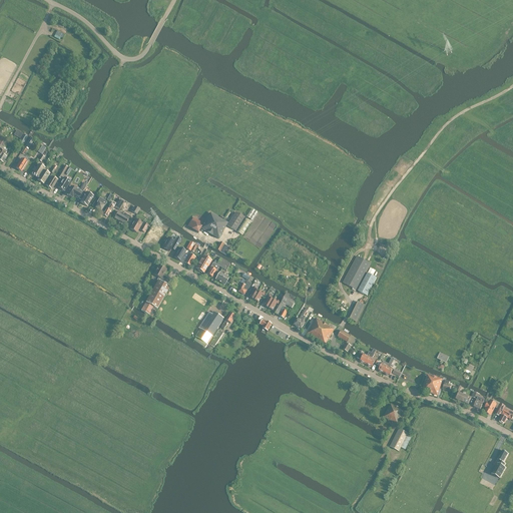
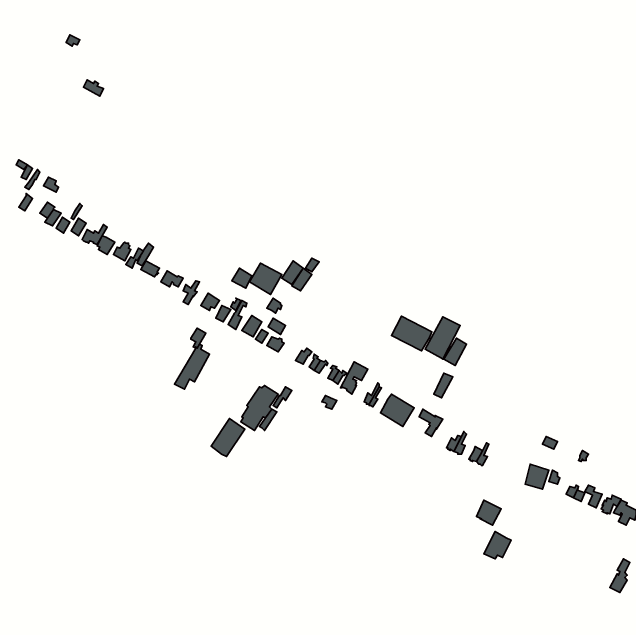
building: none -> [391,316,432,351]
building: none -> [211,419,245,457]

